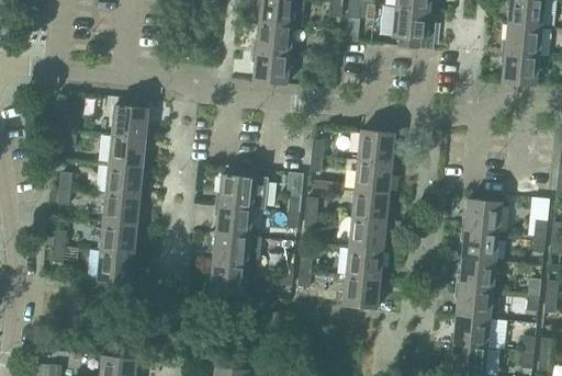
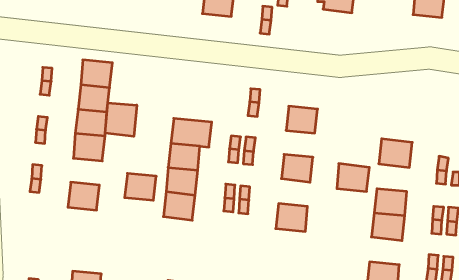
building: [254,50,290,83] -> none
building: [502,52,539,84] -> none
building: [358,129,395,163] -> none
building: none -> [105,103,137,136]
building: [352,189,389,220] -> none
building: [100,221,137,253] -> [125,173,156,200]
building: [462,228,501,261] -> [337,164,369,191]
building: [346,246,383,278] -> none
building: [453,315,492,347] -> none

